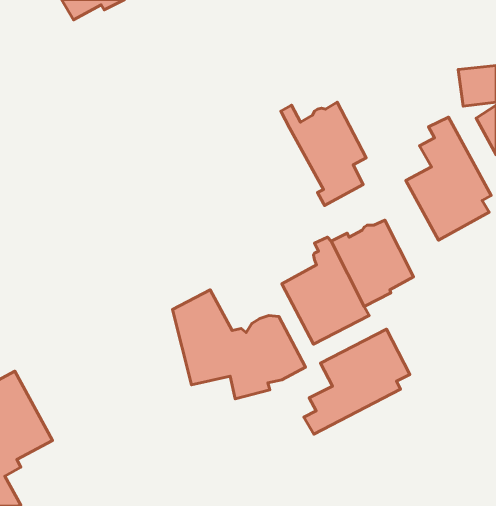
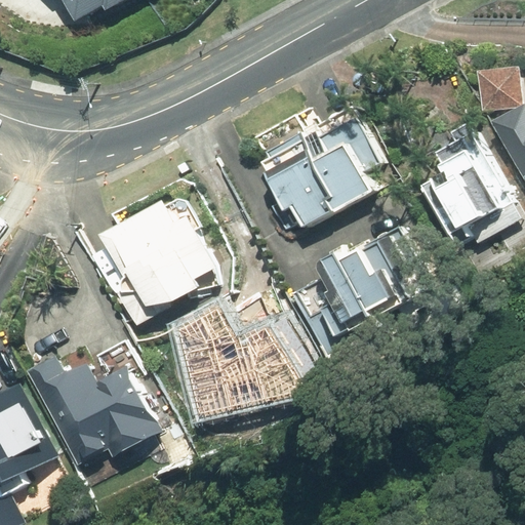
building: none -> [259,132,334,227]
building: none -> [104,199,216,325]
building: [304,329,410,434] -> none
building: none -> [25,342,158,465]

